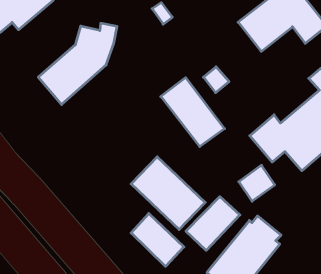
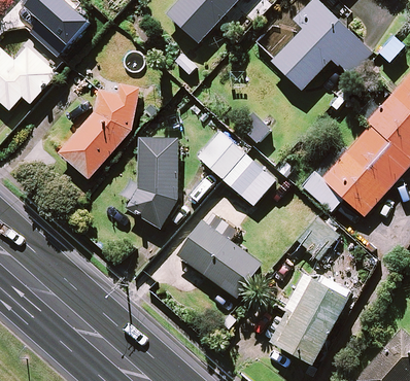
building: none -> [127,138,177,226]
building: [186,197,240,250] -> none
building: [131,213,184,266] -> none

